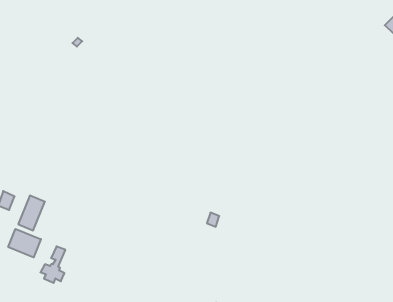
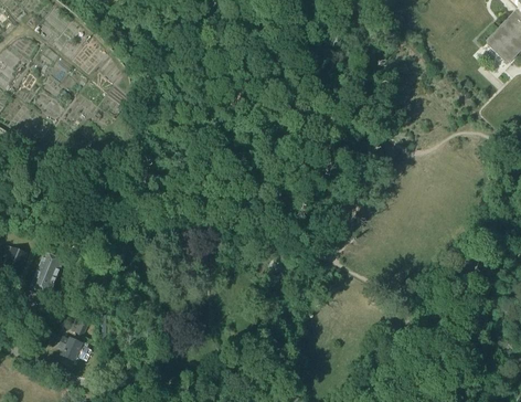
building: [8,229,41,257] -> none

